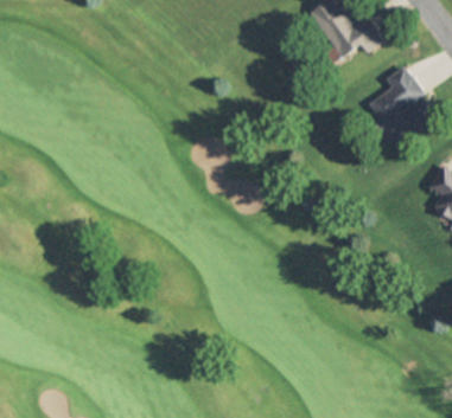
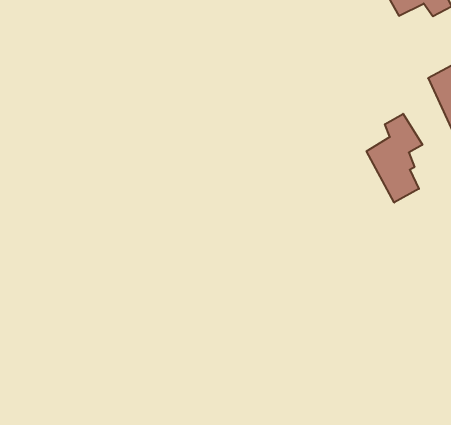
building: none -> [367,114,422,203]

